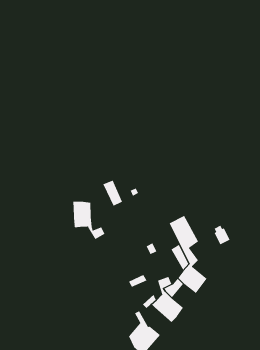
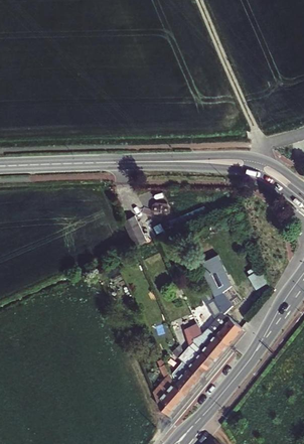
building: [73,201,105,240] -> none
building: none -> [203,337,231,364]
building: none -> [173,364,202,396]

